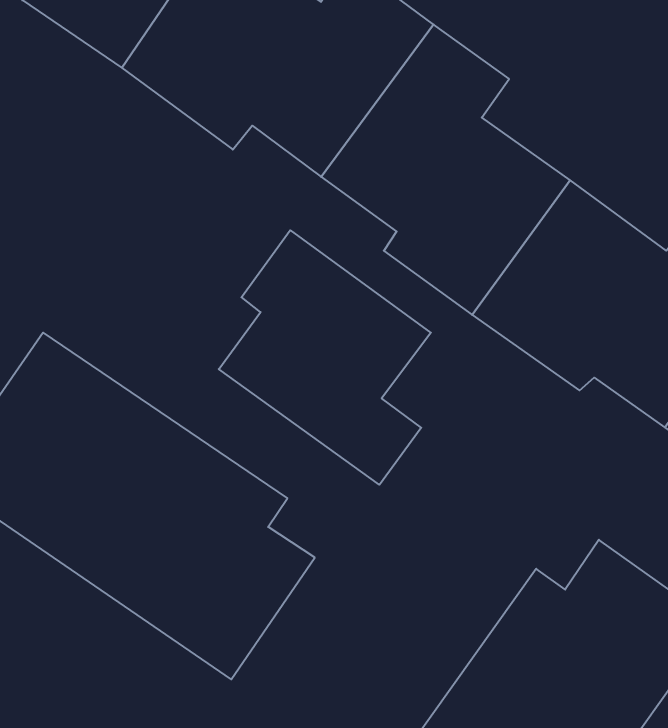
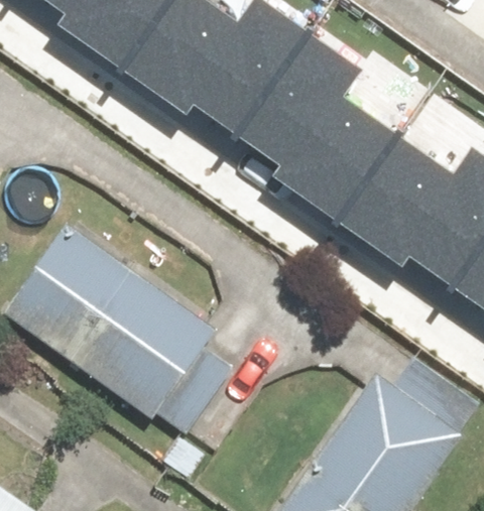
building: [219,230,431,485] -> none

